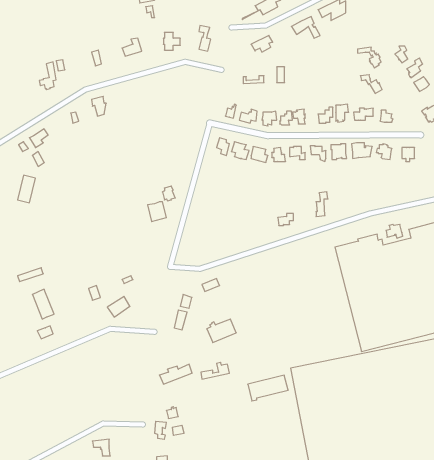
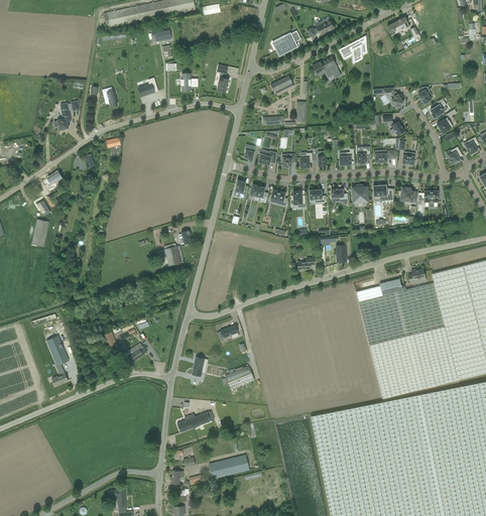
building: [248,375,288,401] -> [209,455,250,481]

